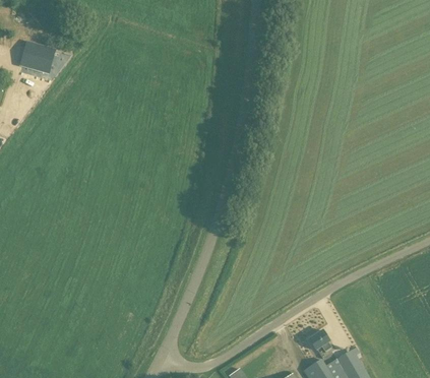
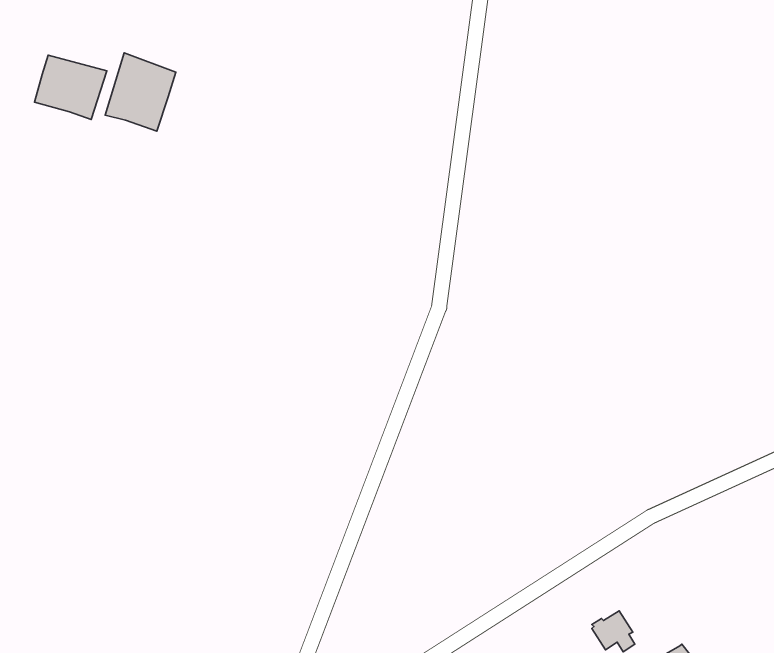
building: none -> [105,53,176,131]

